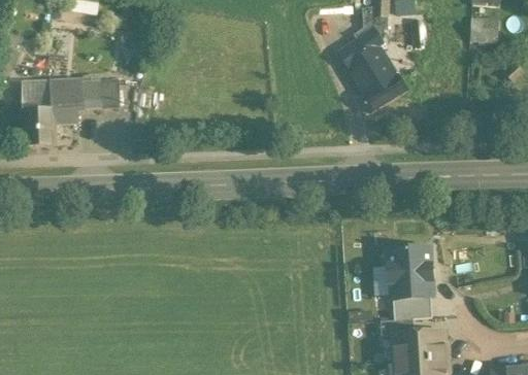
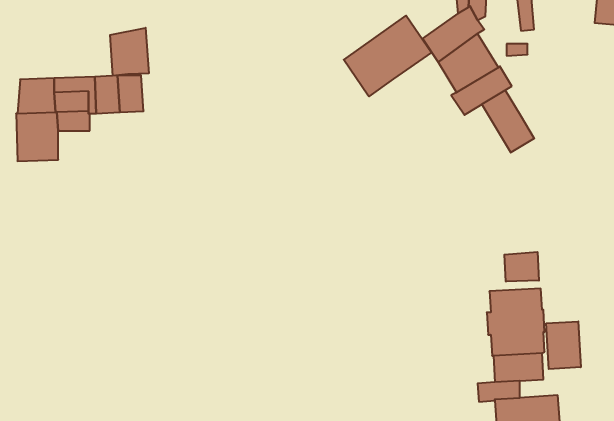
building: none -> [344,16,432,96]
building: none -> [110,28,149,76]
building: none -> [482,90,534,153]
building: none -> [504,252,539,282]
building: none -> [546,321,581,369]

